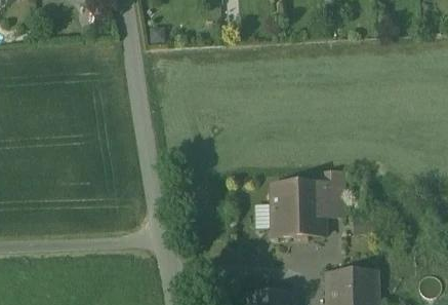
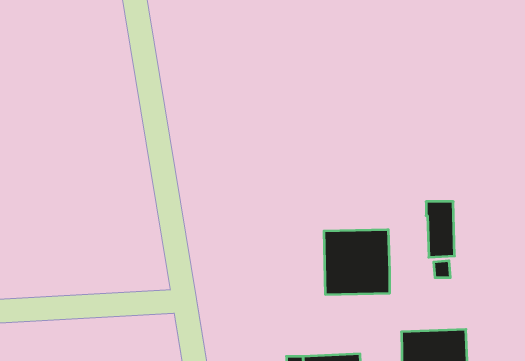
building: [318,177,340,221] -> [426,202,455,257]

